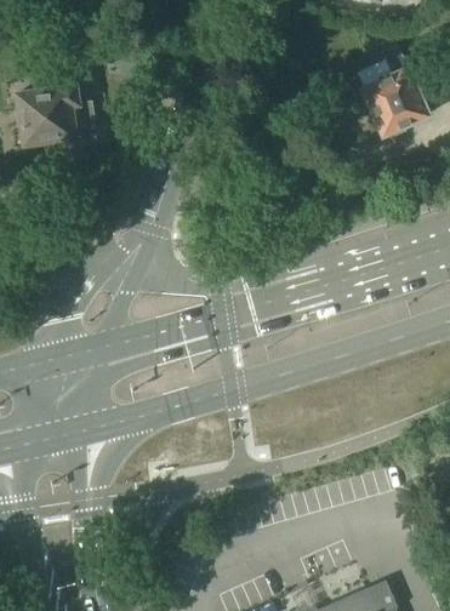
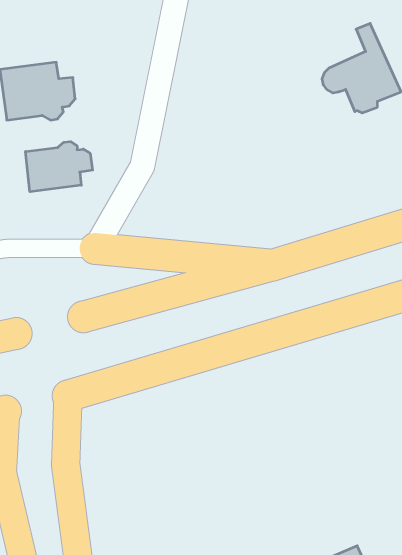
building: none -> [26,142,93,192]

